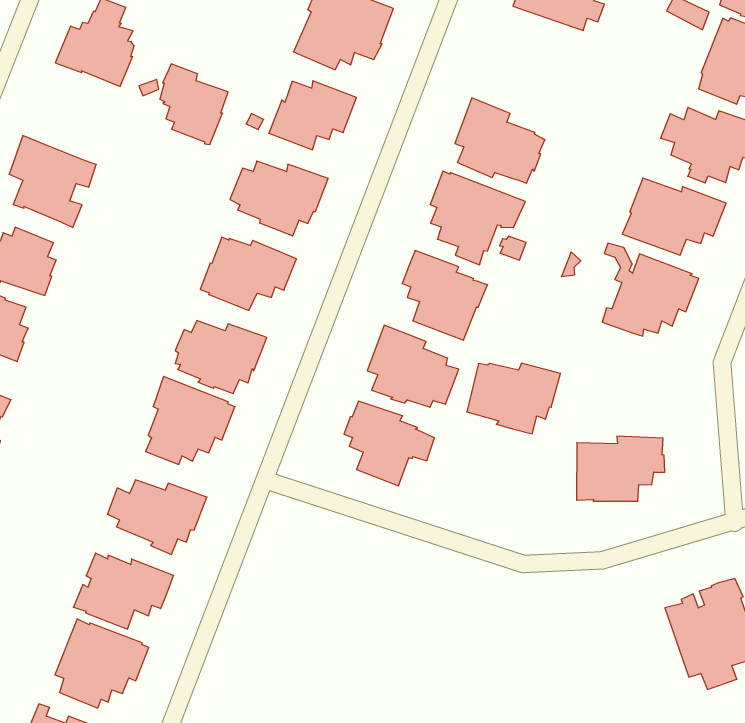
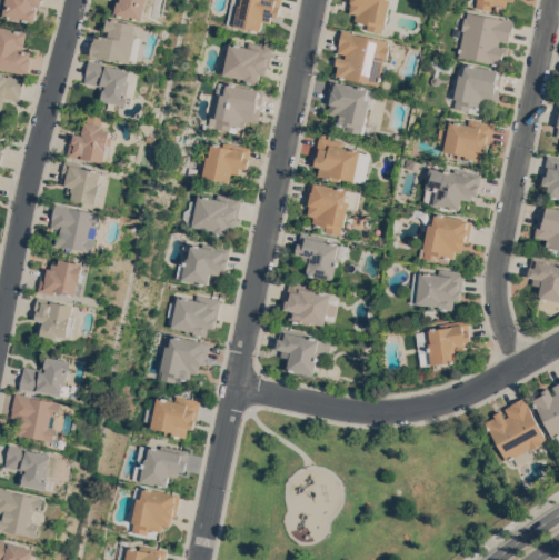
building: none -> [326,82,376,136]
building: [160,64,228,145] -> [61,160,101,204]
building: [467,363,561,434] -> [411,270,463,311]

